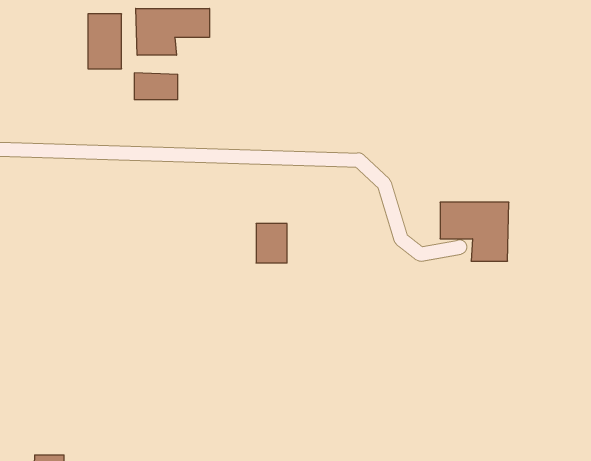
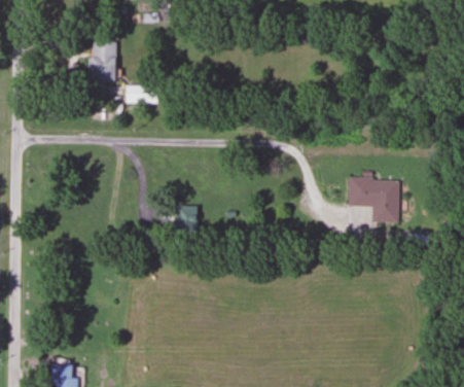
building: [136,8,209,55] -> none
building: [256,224,287,263] -> [175,205,198,234]

